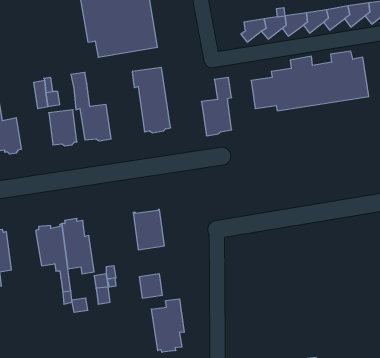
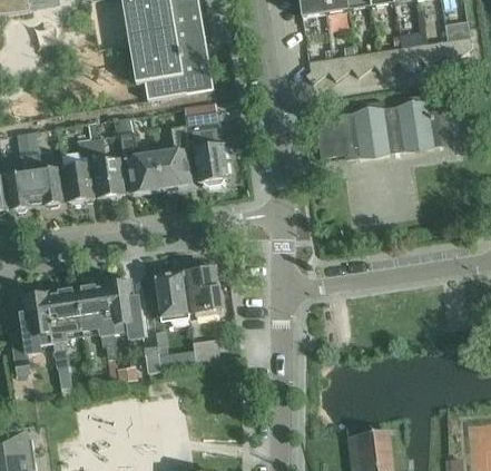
building: [201,77,232,136] -> [156,125,189,189]
building: none -> [62,161,94,203]
building: none -> [154,269,189,324]
building: none -> [46,288,80,387]
building: [151,299,184,352] -> none

